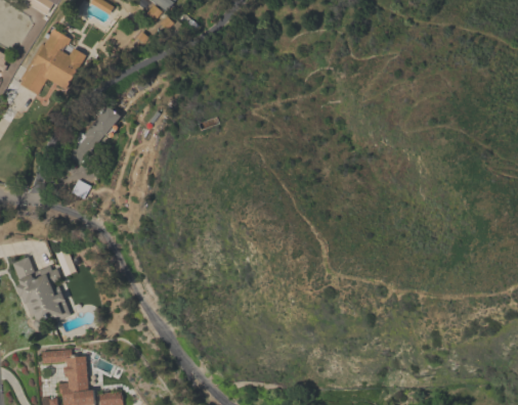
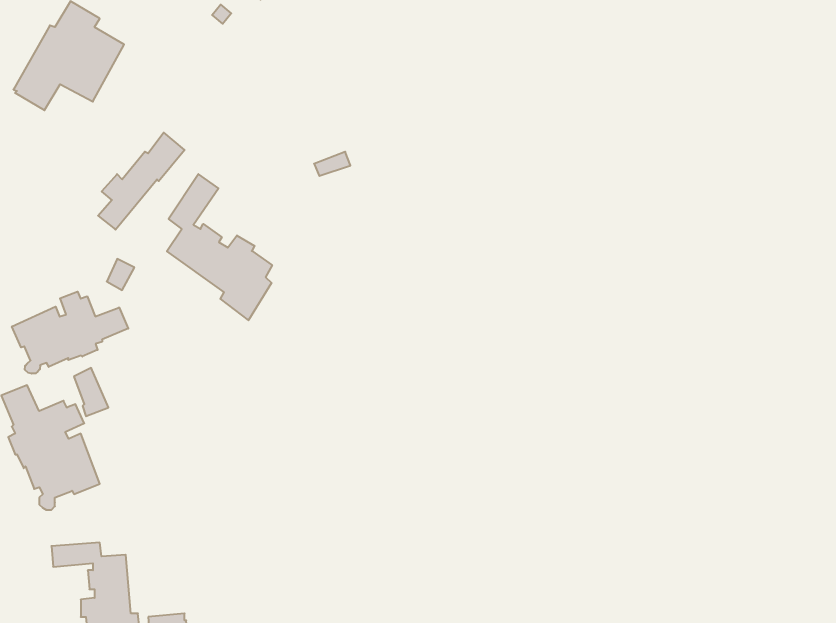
building: none -> [167,174,272,320]
building: none -> [12,292,128,374]

